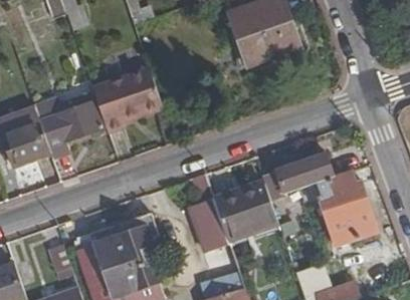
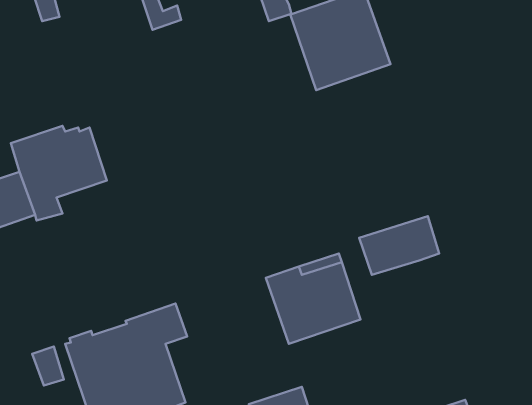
building: [90,65,162,130] -> none
building: [319,173,377,245] -> none
building: [189,174,228,252] -> none

